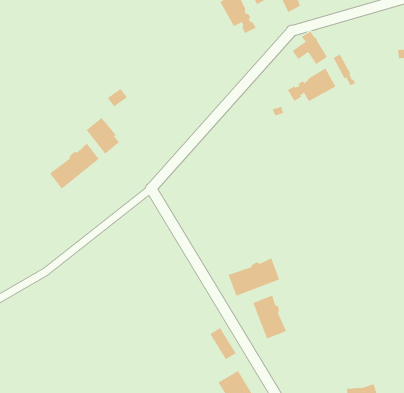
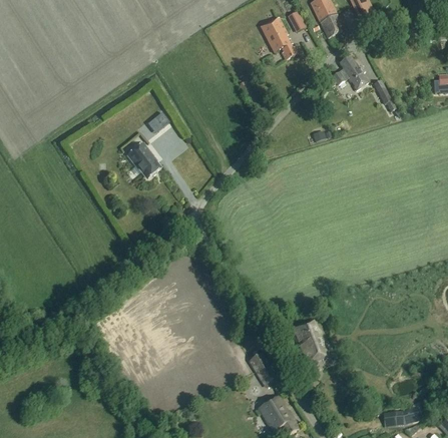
building: [287,68,336,102] -> none
building: [49,143,100,189] -> none
building: [228,258,280,297] -> none

